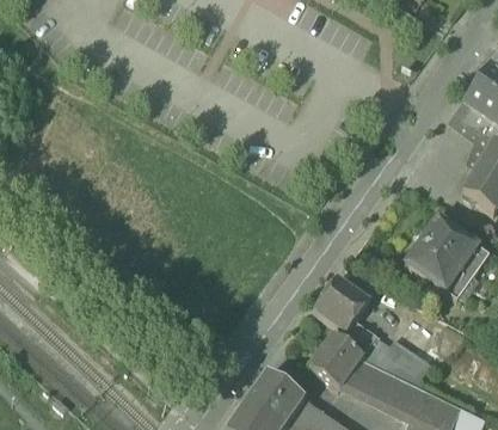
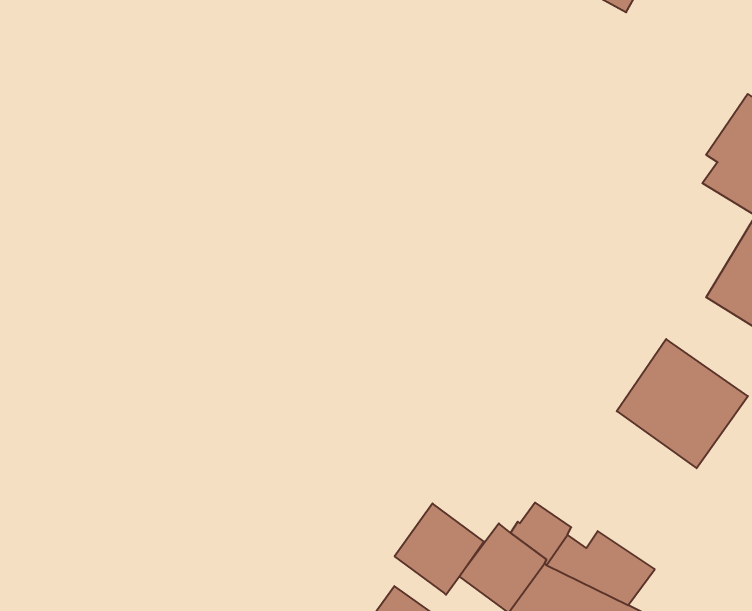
building: [312,275,368,332] -> [395,503,484,595]

